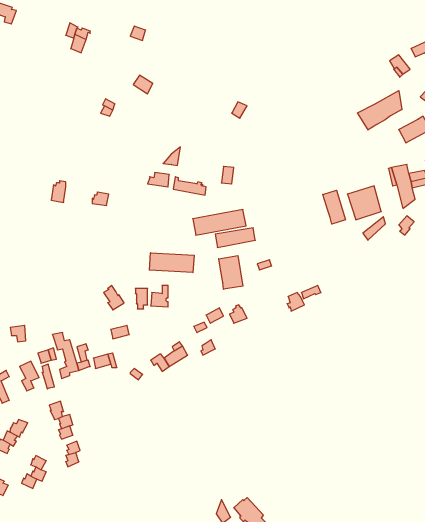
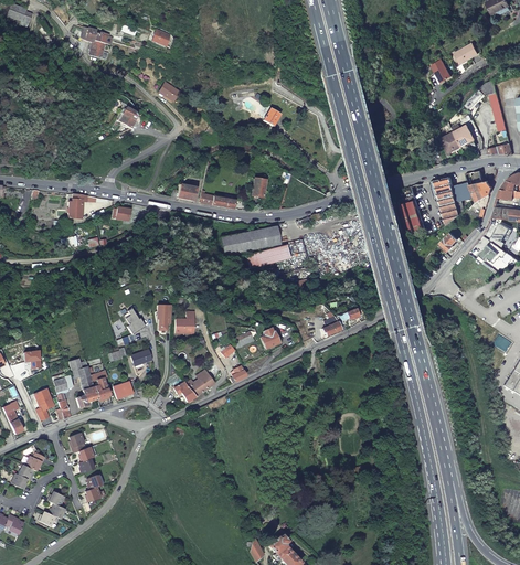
building: [357,91,402,130] -> none
building: [323,190,346,224] -> none
building: [149,253,194,273] -> none
building: [219,256,243,289] -> none

